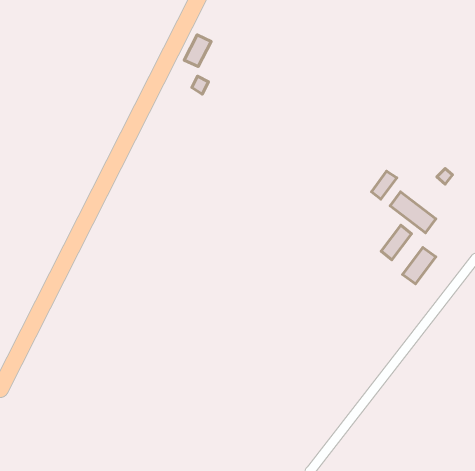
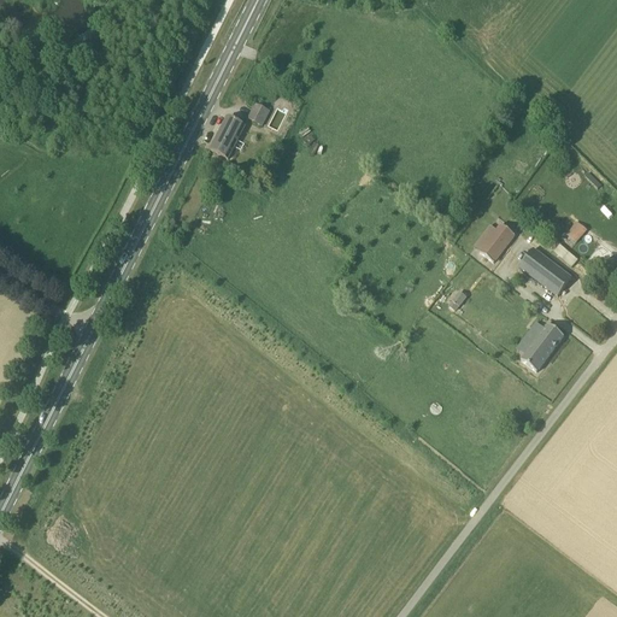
building: [184,35,211,67] -> [211,113,246,154]
building: [381,225,412,260] -> none

